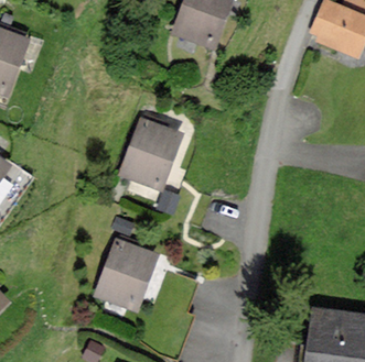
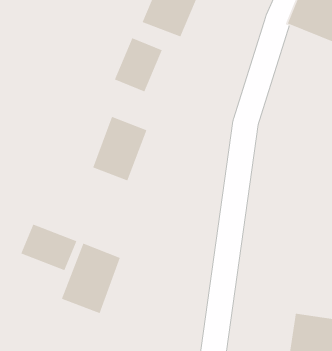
building: none -> [114,37,163,92]
building: none -> [20,224,78,271]

